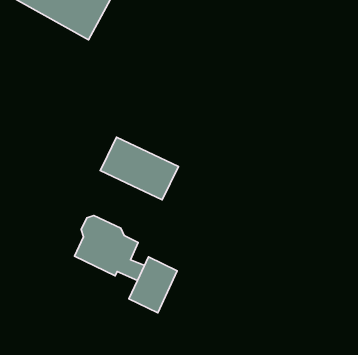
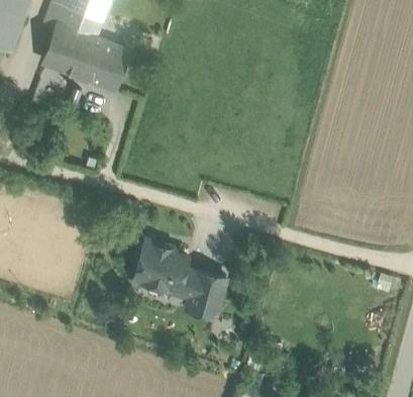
building: [100,137,179,200] -> none

